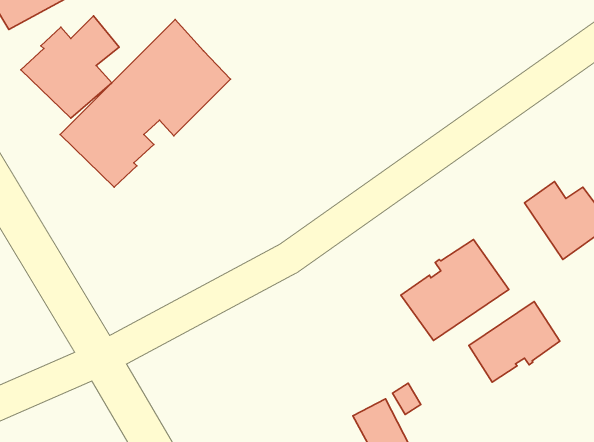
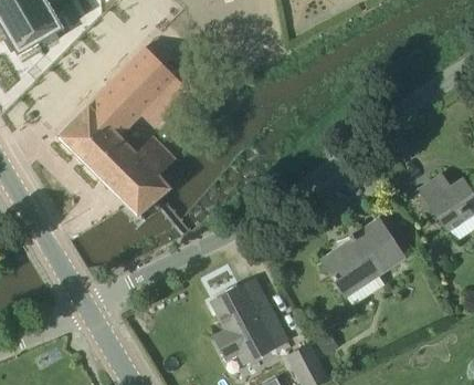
building: [21,16,119,118] -> [98,134,175,214]
building: [469,301,560,382] -> none
building: none -> [211,278,276,361]

